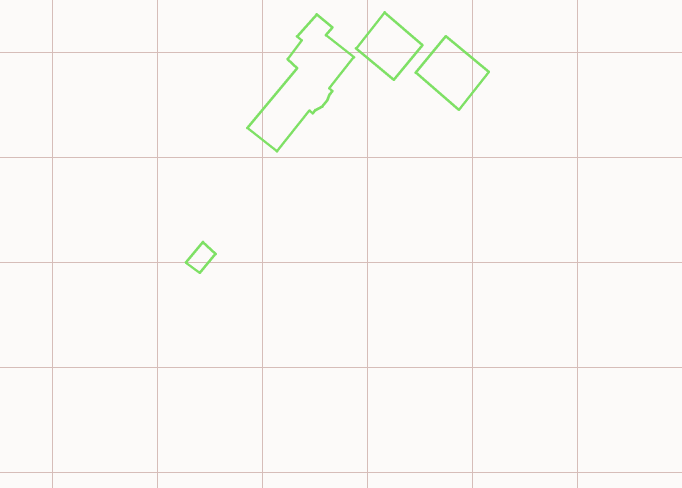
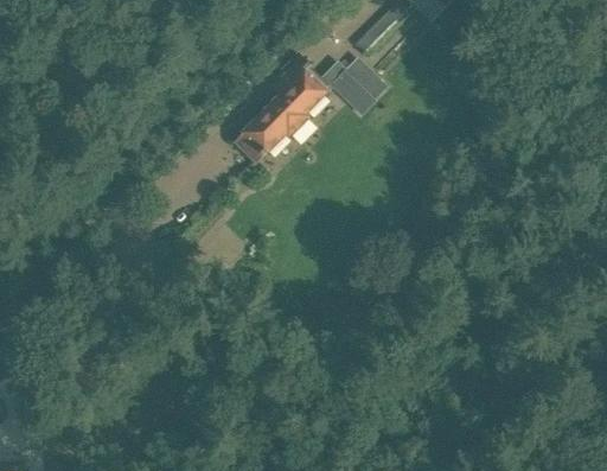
building: [416,36,489,110] -> none

